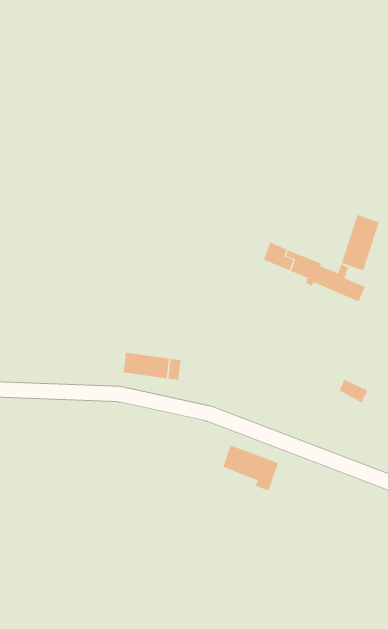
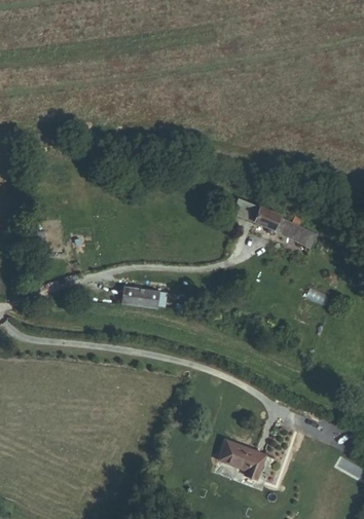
building: [341,214,379,271] -> none
building: [223,445,279,491] -> [219,441,264,478]

